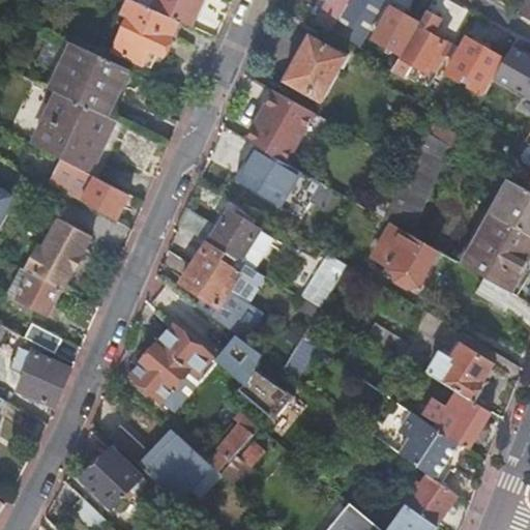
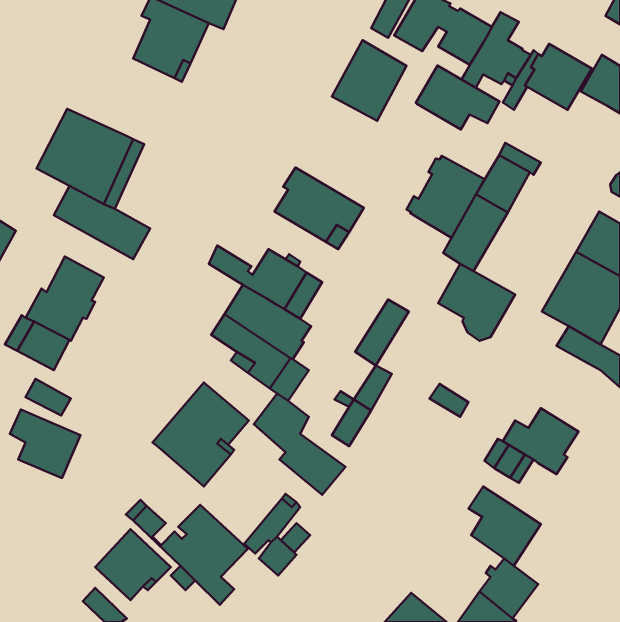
building: [50,42,129,115] -> none
building: none -> [416,66,499,129]
building: [245,92,312,161] -> [406,156,485,238]
building: [434,392,490,449] -> none

